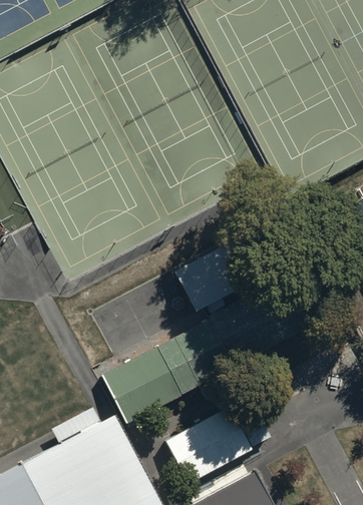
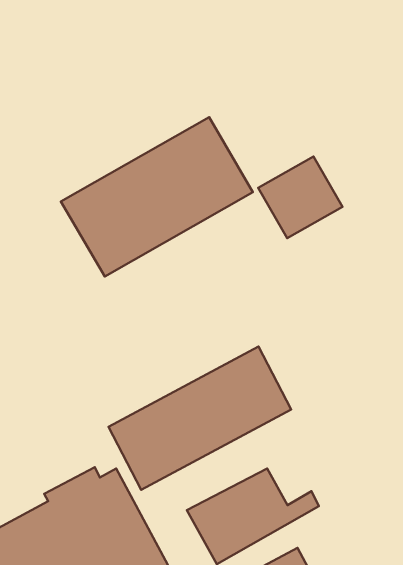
building: none -> [61,117,253,276]
building: [172,245,240,311] -> [258,156,343,238]

